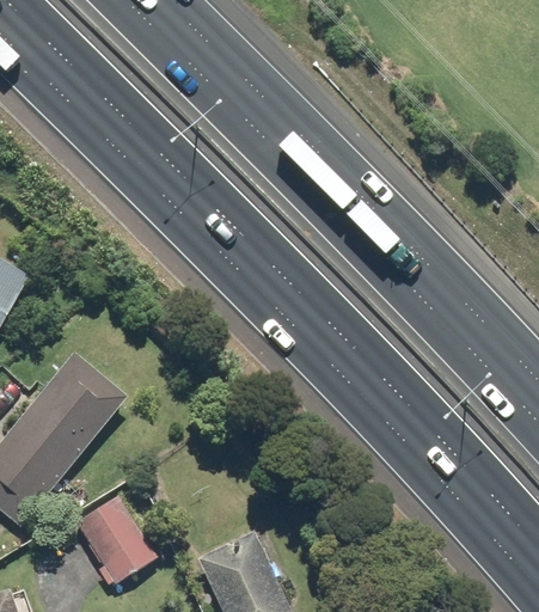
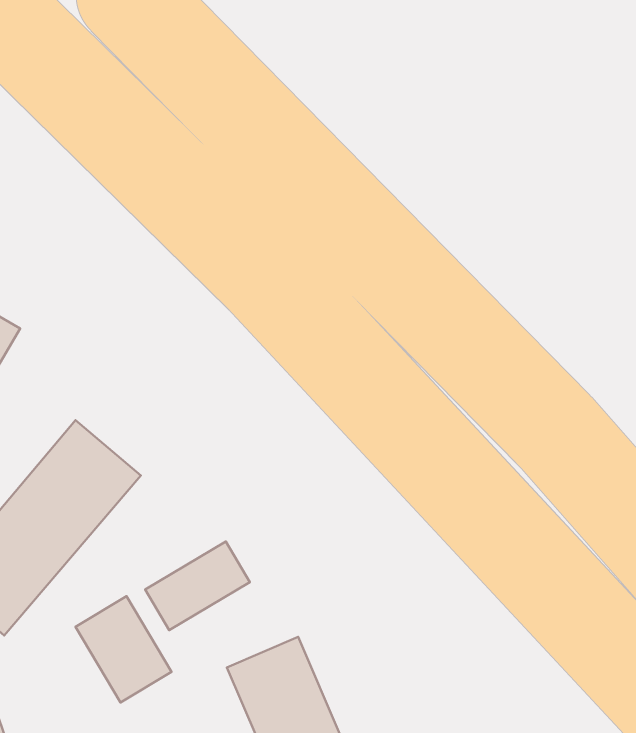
building: none -> [145,542,250,630]

